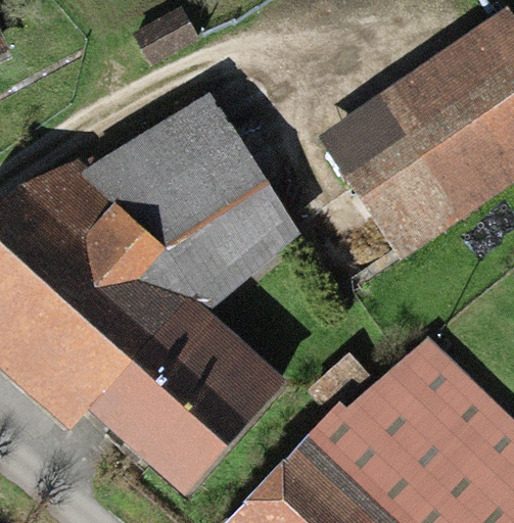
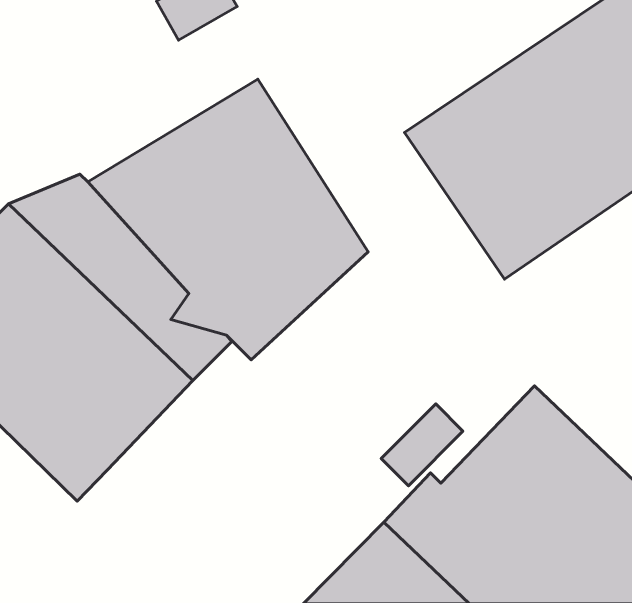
building: [89,301,280,492] -> none

